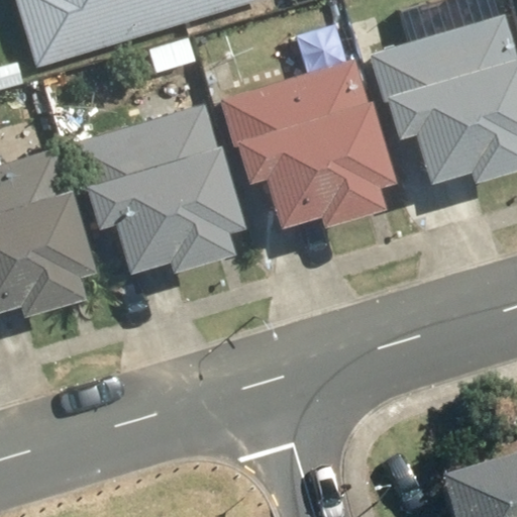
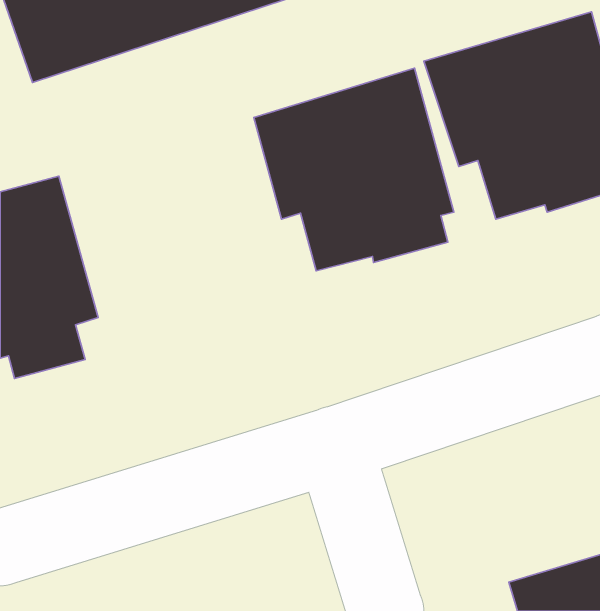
building: [67,100,248,275] -> none

